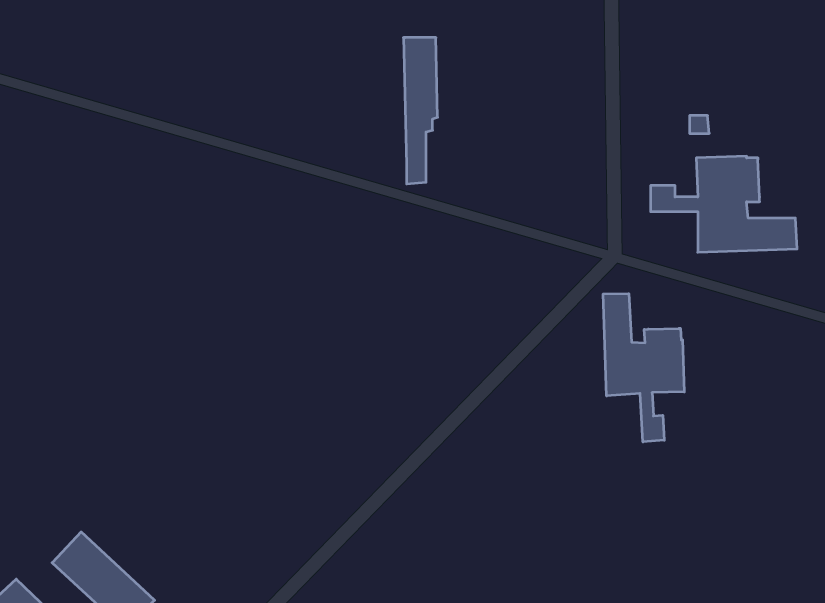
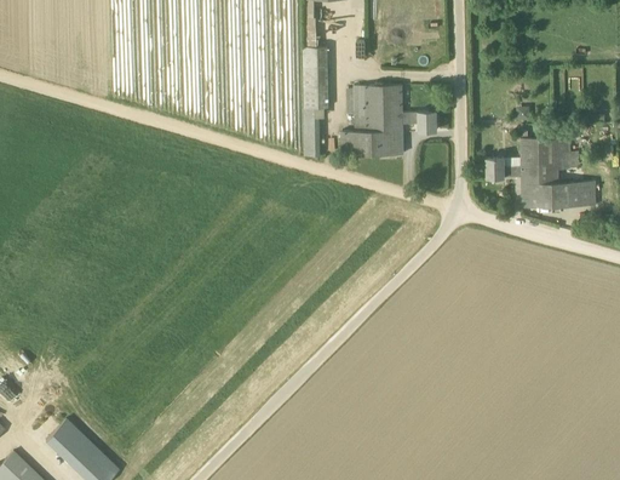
building: none -> [341,86,437,156]
building: [603,294,684,442] -> none

